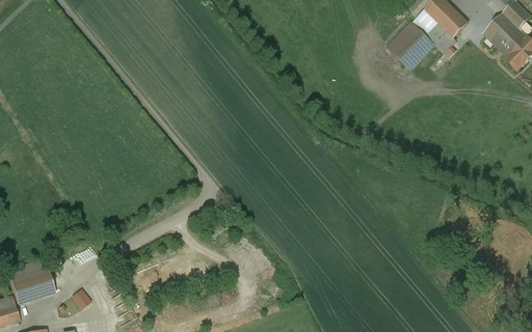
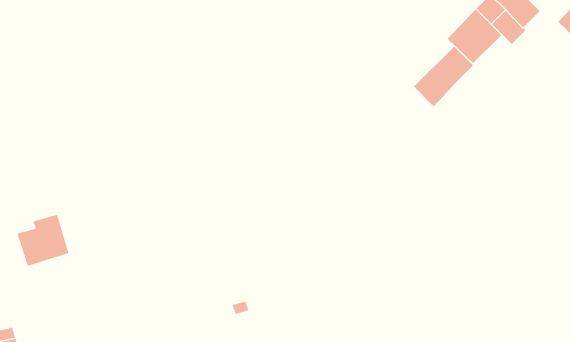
building: none -> [413,46,474,106]
building: [9,257,55,304] -> [17,214,70,268]

